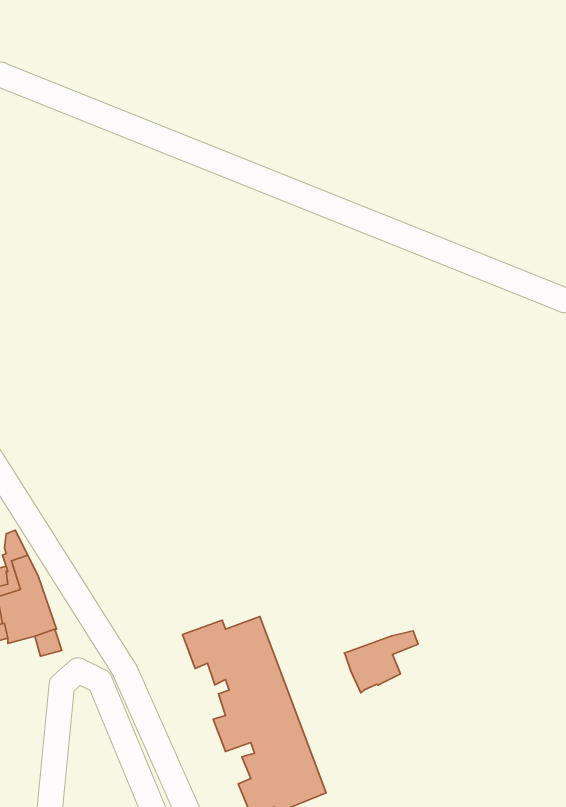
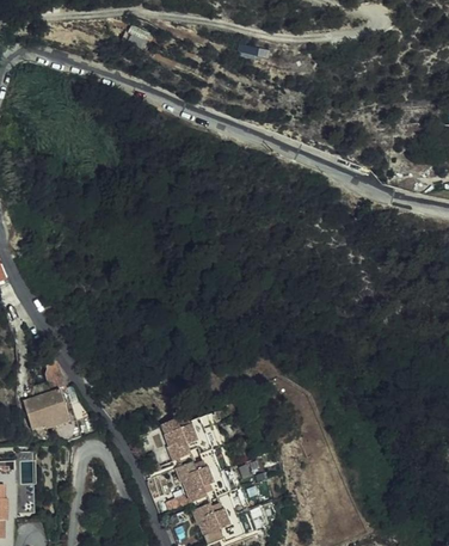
building: [344,631,418,693] -> none

